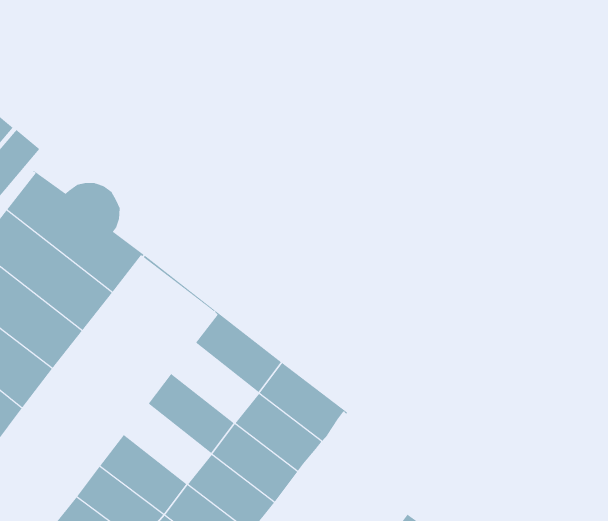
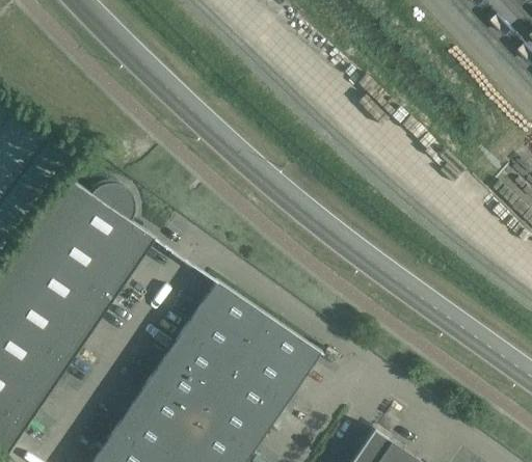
building: none -> [180,306,249,368]
building: none -> [145,356,215,417]

